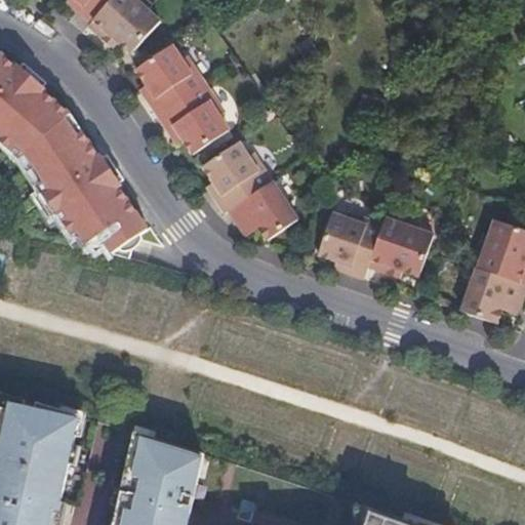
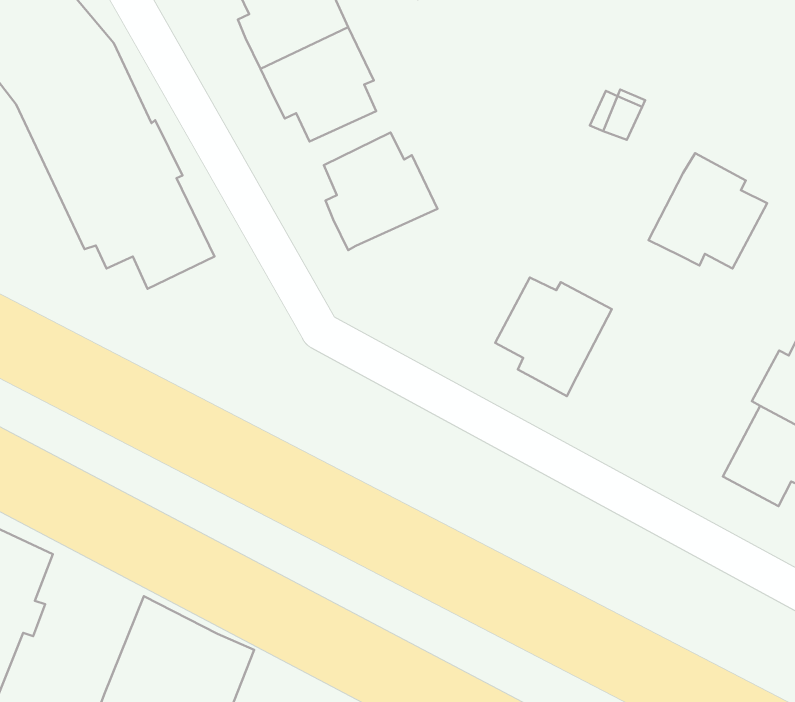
building: [228,181,304,241] -> none
building: [367,212,433,277] -> [648,153,767,269]

